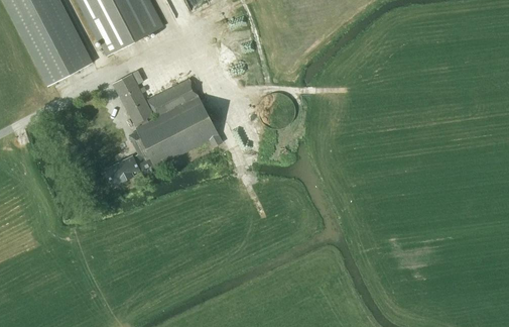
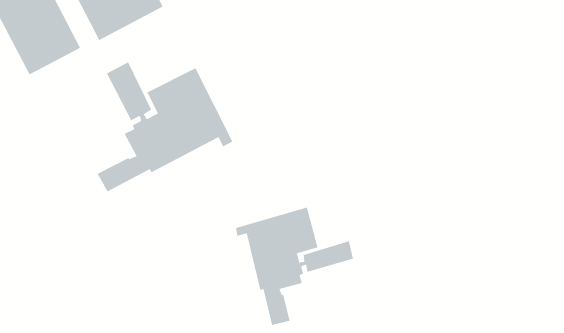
building: none -> [235,206,354,326]

